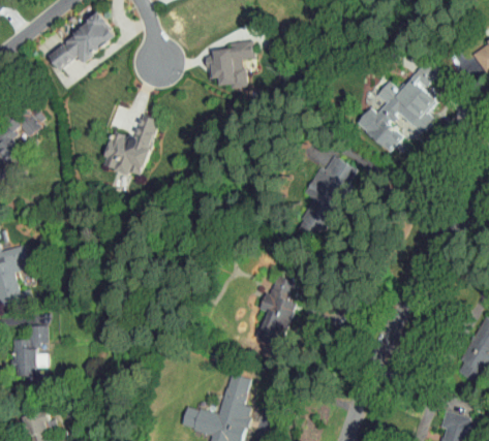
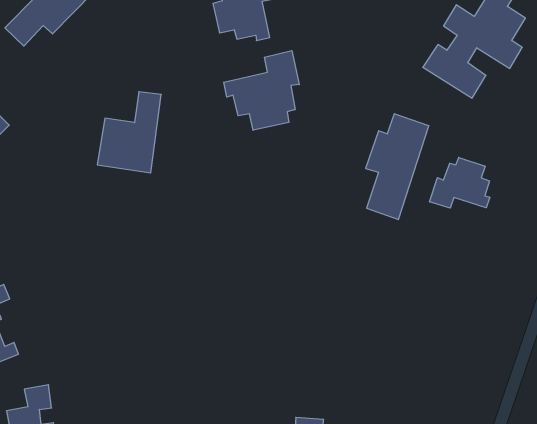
building: none -> [224,51,299,130]
building: none -> [430,157,490,208]
building: [253,274,295,346] -> none

